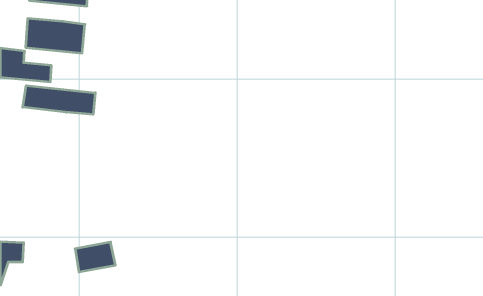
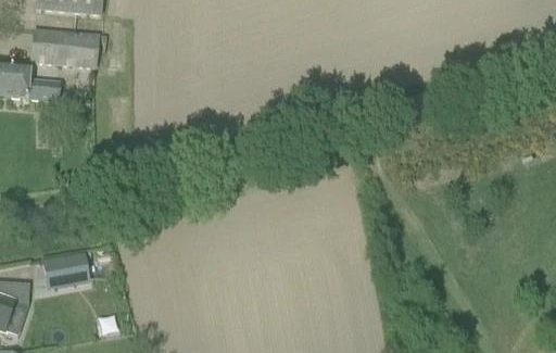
building: [23,86,95,114] -> none
building: [75,242,115,272] -> [42,253,88,287]

